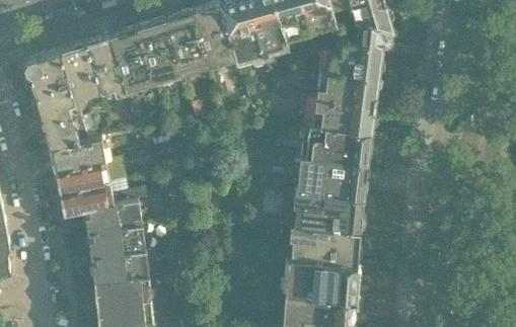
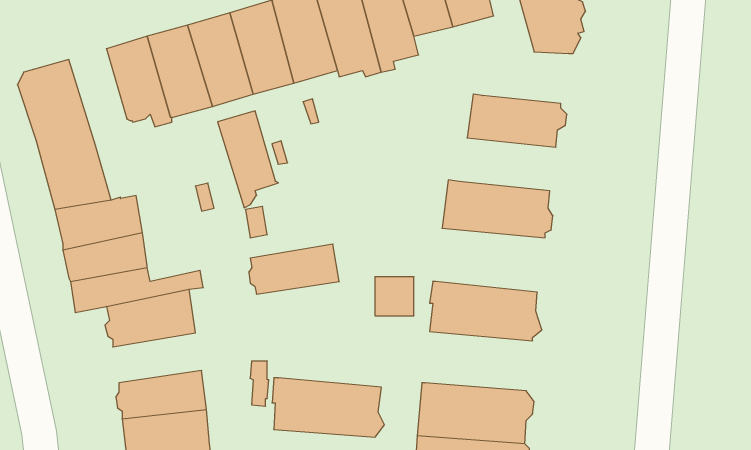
building: [59,44,98,106] -> [218,111,278,208]
building: [327,44,384,79] -> none
building: [312,101,376,136] -> none
building: [297,160,368,201] -> none
building: [289,227,362,265] -> [272,378,384,437]
building: [86,228,145,260] -> [249,244,339,294]

